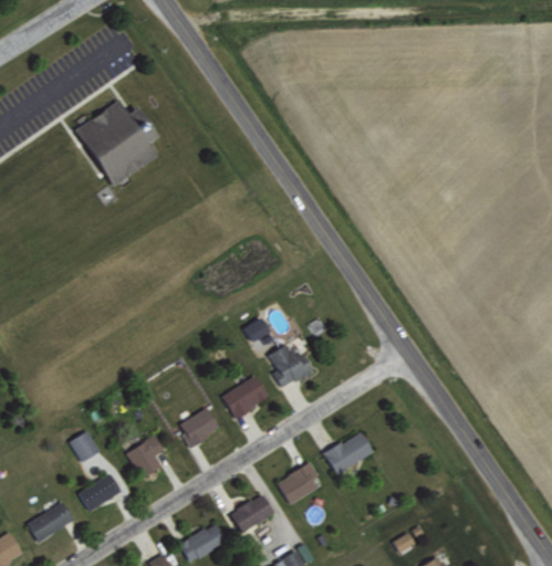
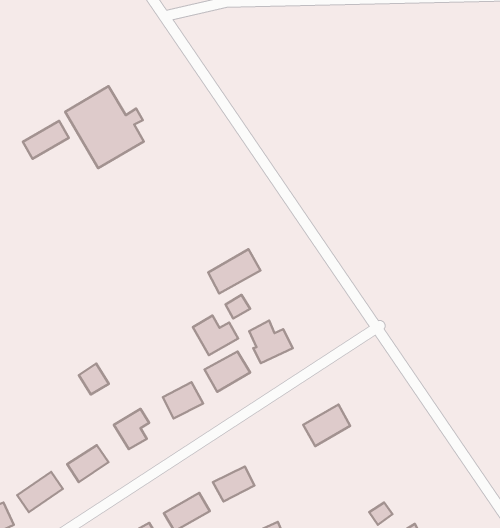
building: none -> [23,121,69,159]
building: none -> [208,249,261,294]
building: none -> [193,316,238,355]
building: [70,430,101,462] -> [79,363,109,394]
building: [277,462,319,504] -> none

